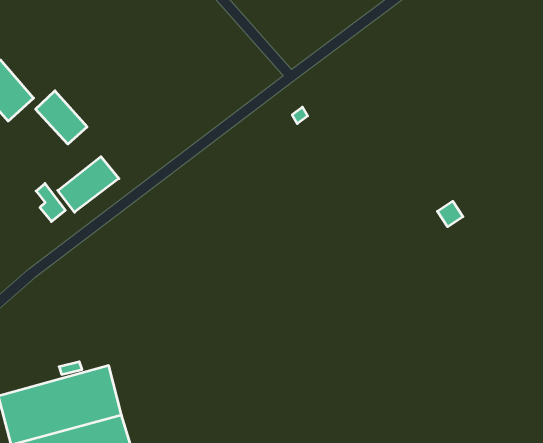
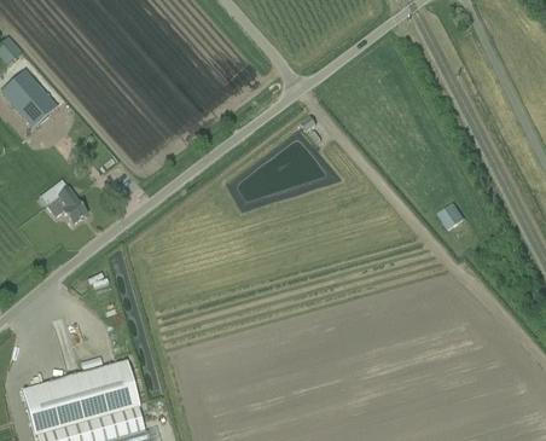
building: [36,91,87,144] -> none
building: [58,157,119,212] -> none

